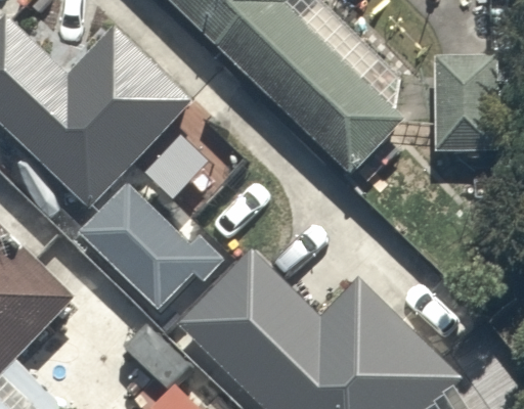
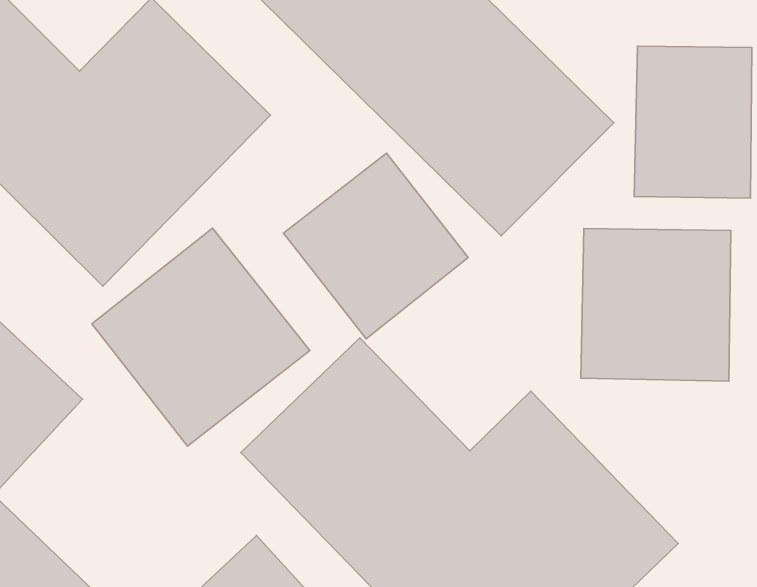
building: none -> [284,153,468,339]
building: none -> [581,228,731,381]

